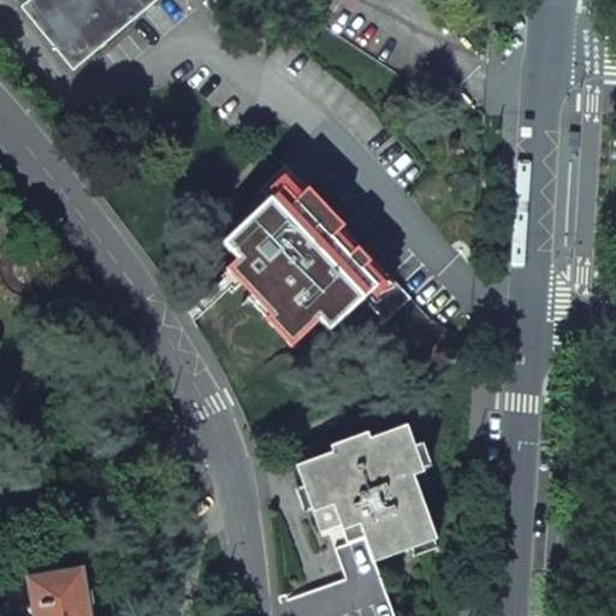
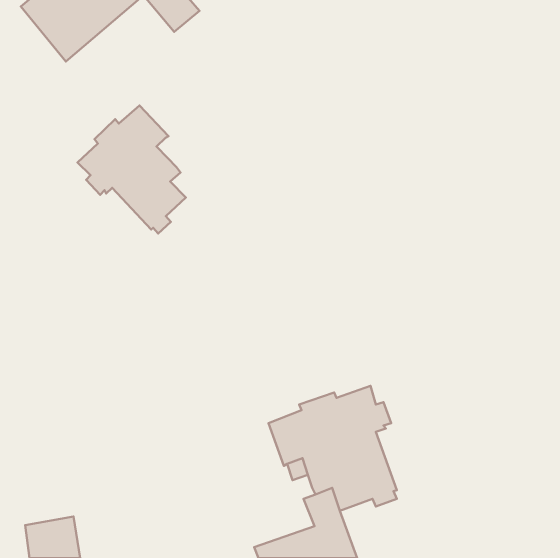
building: none -> [78,106,186,234]
building: [224,173,413,342] -> none

